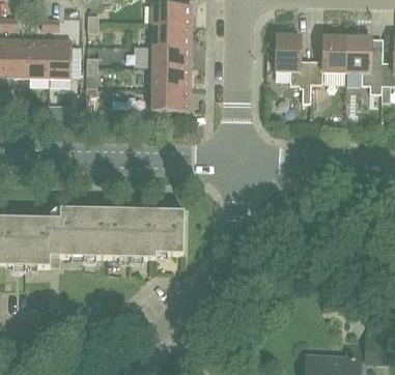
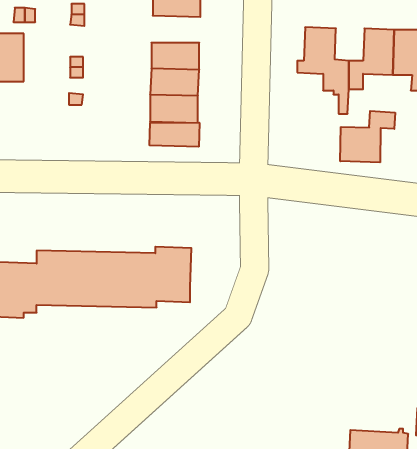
building: [152,24,192,46] -> none
building: [50,38,73,78] -> none
building: none -> [340,111,395,162]
building: none -> [150,123,199,147]

